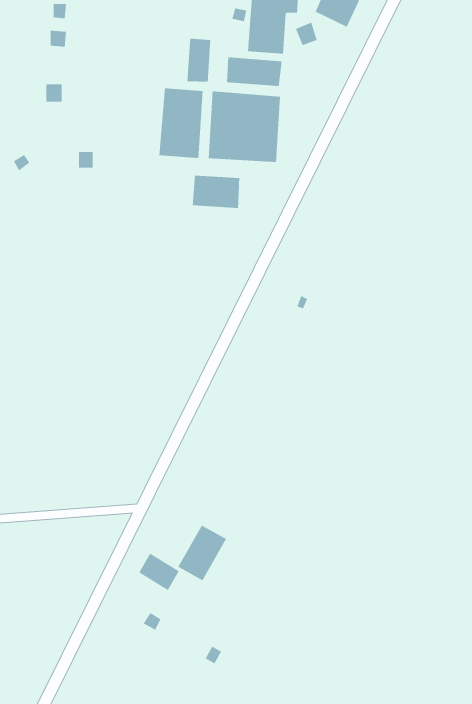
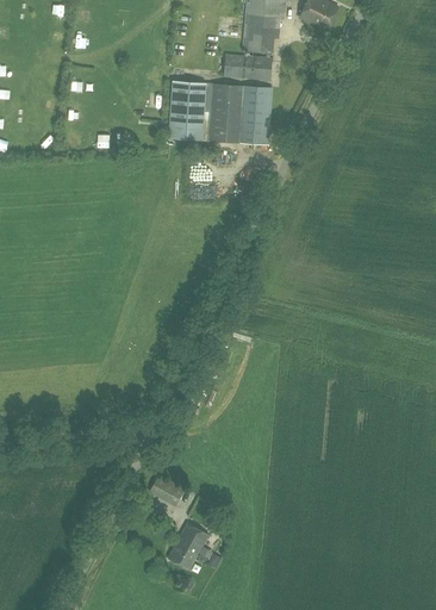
building: [187,38,211,82] -> none
building: [192,175,240,209] -> none
building: [178,525,227,581] -> [167,523,208,571]

